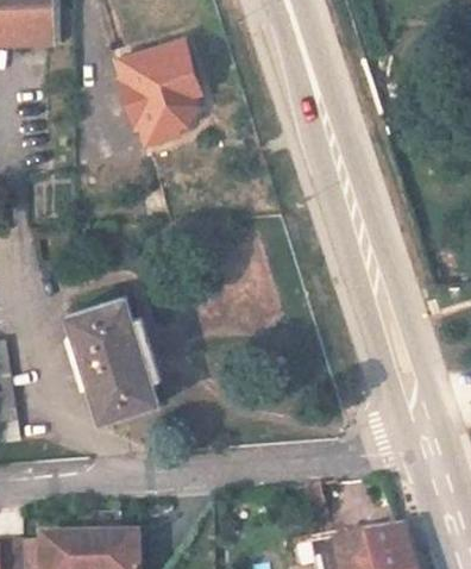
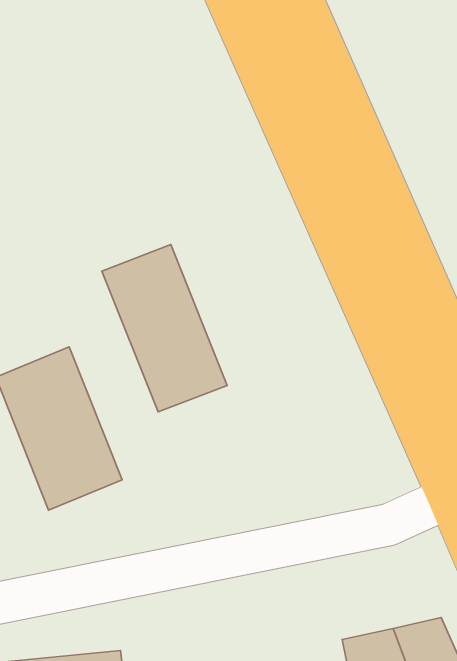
building: [120,39,202,139] -> none
building: none -> [102,244,227,412]

